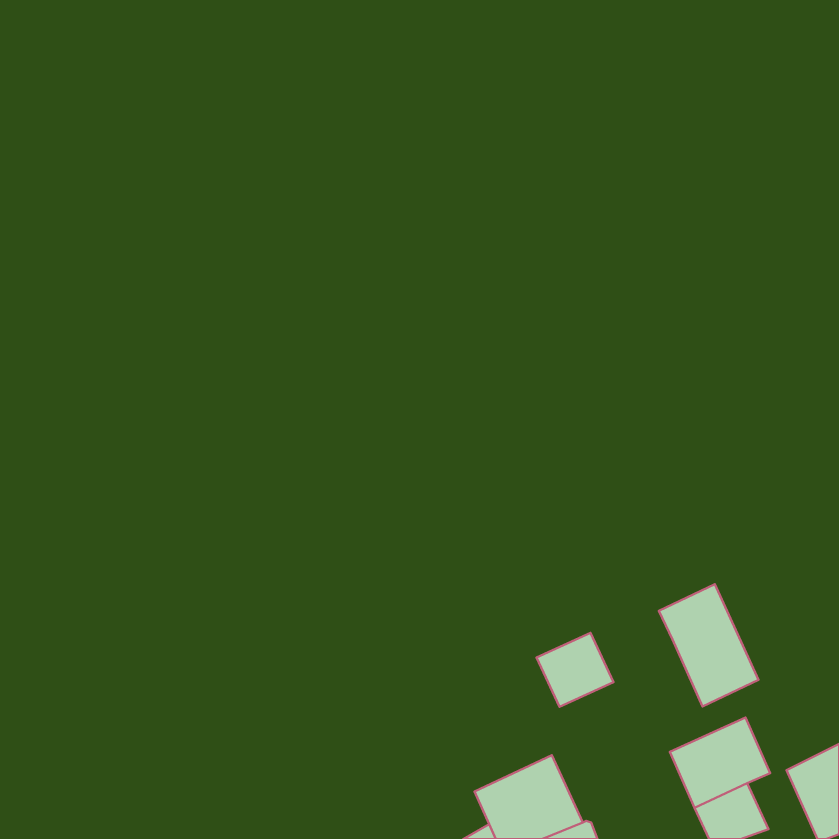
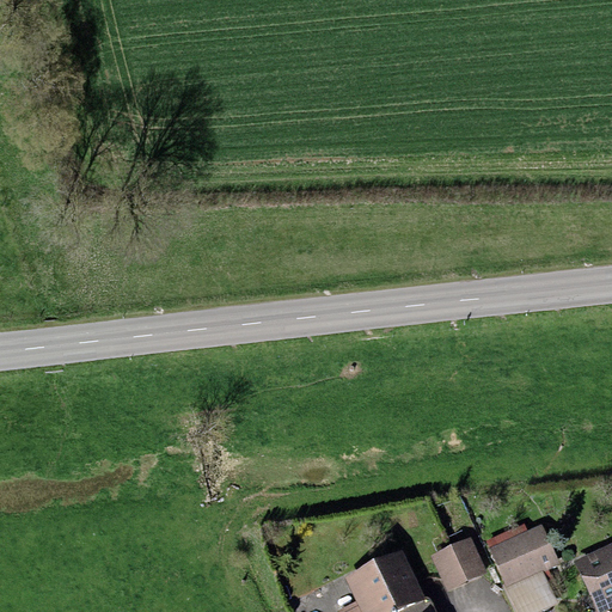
building: [659,584,758,706] -> none
building: [536,633,614,707] -> [430,537,486,590]

